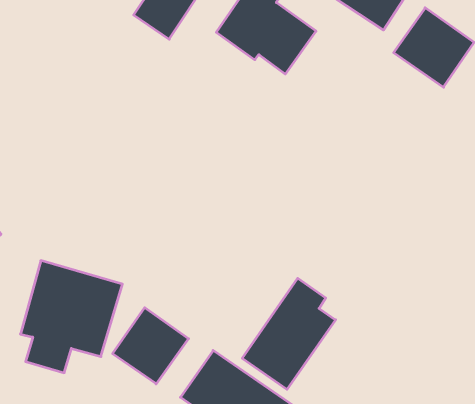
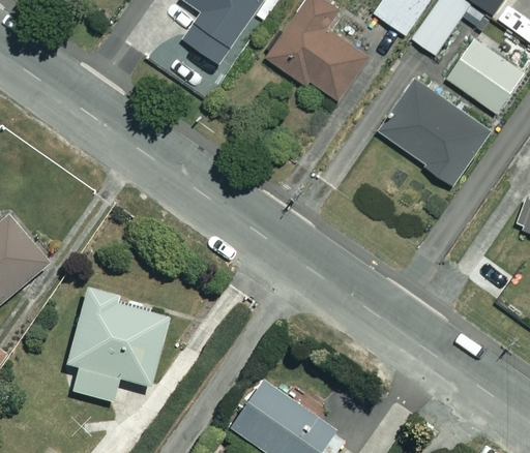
building: none -> [380,82,489,184]
building: [242,278,336,389] -> none
building: [113,308,189,384] -> none

